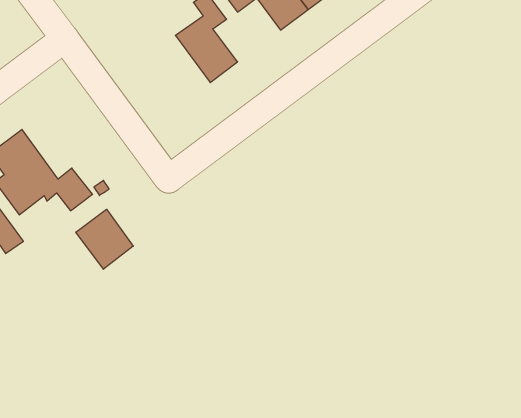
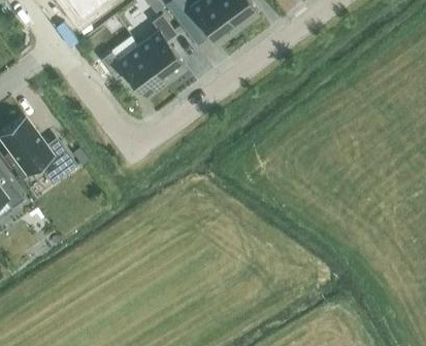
building: none -> [101,46,164,97]
building: [76,209,133,269] -> none

